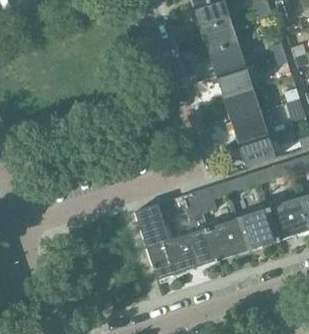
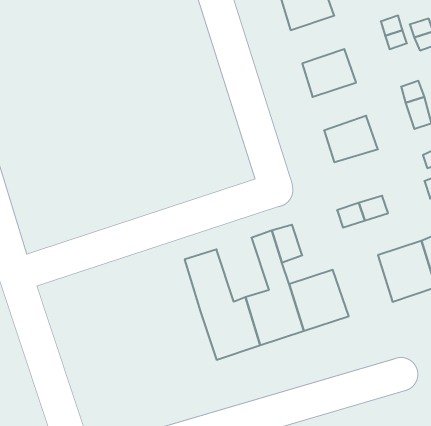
building: [208,42,245,75] -> none
building: [223,88,260,121] -> none
building: [238,134,275,166] -> none
building: [237,208,278,250] -> none

